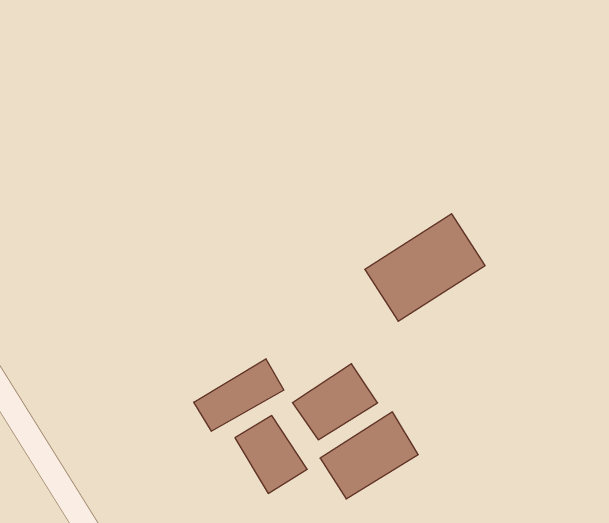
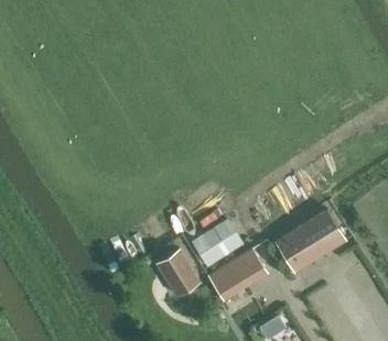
building: [365,214,485,321] -> [274,209,346,273]
building: [194,359,284,431] -> none

